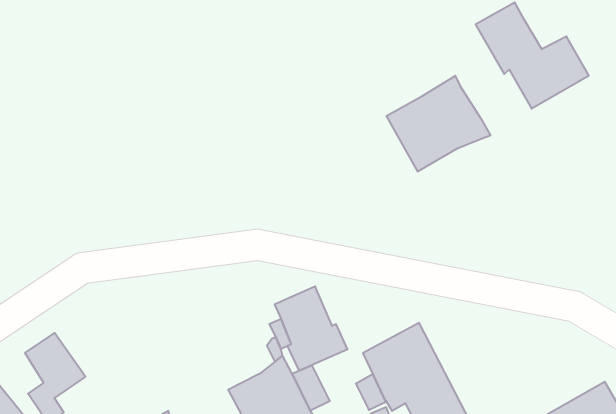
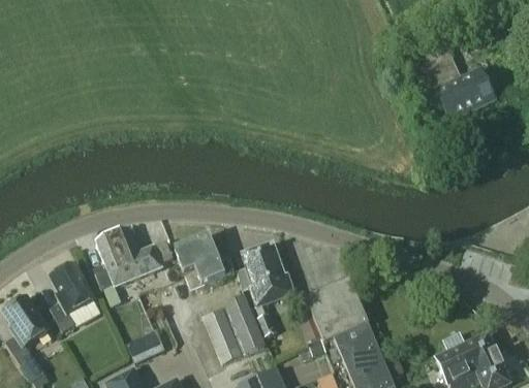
building: [386,76,490,172] -> none
building: none -> [94,227,172,288]
building: none -> [174,234,232,287]

